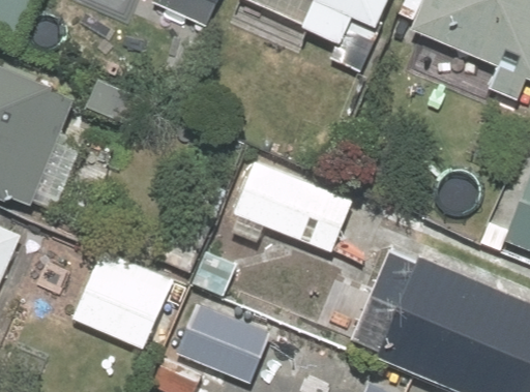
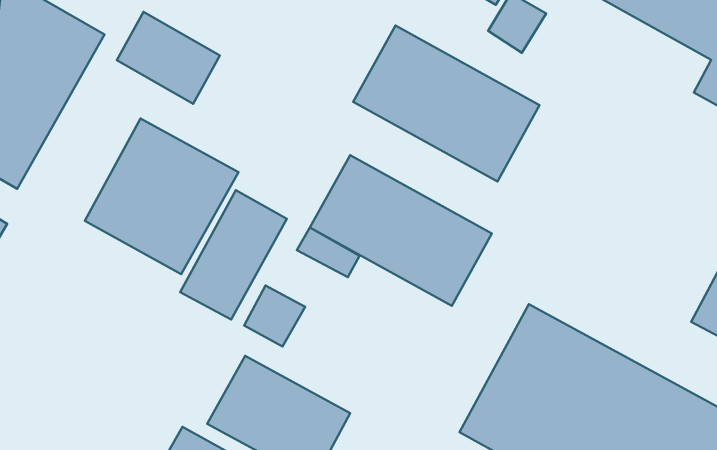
building: none -> [353,25,539,182]
building: [69,250,171,354] -> [85,119,238,274]

